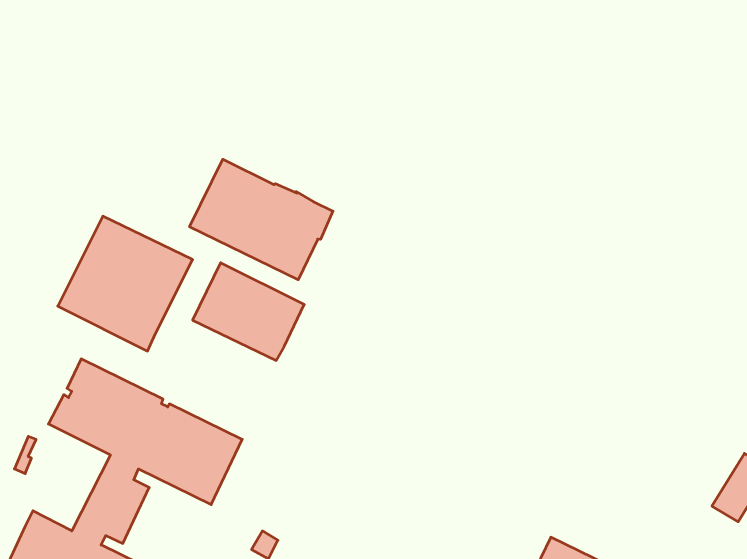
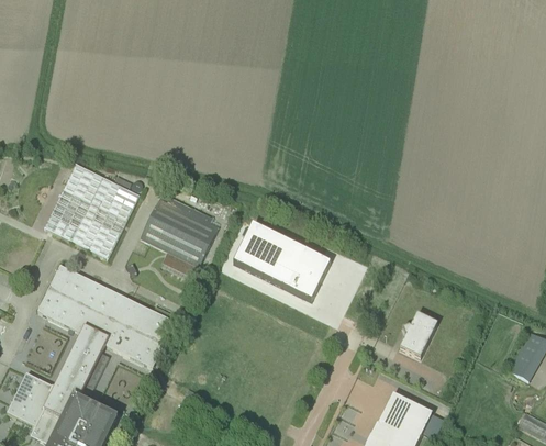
building: [190,159,333,280] -> none
building: none -> [233,222,331,300]
building: none -> [400,312,437,357]

